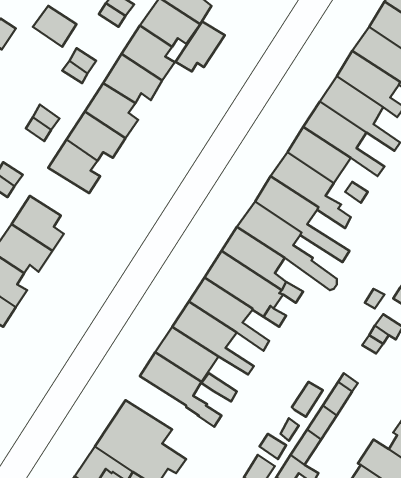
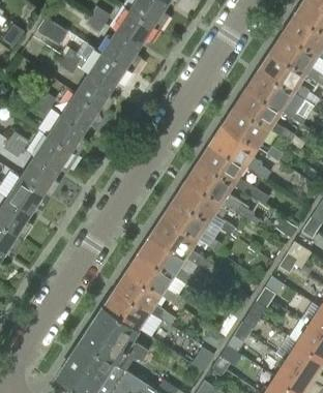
building: [176,21,225,71] -> none
building: none -> [34,134,78,170]
building: none -> [105,288,149,329]

